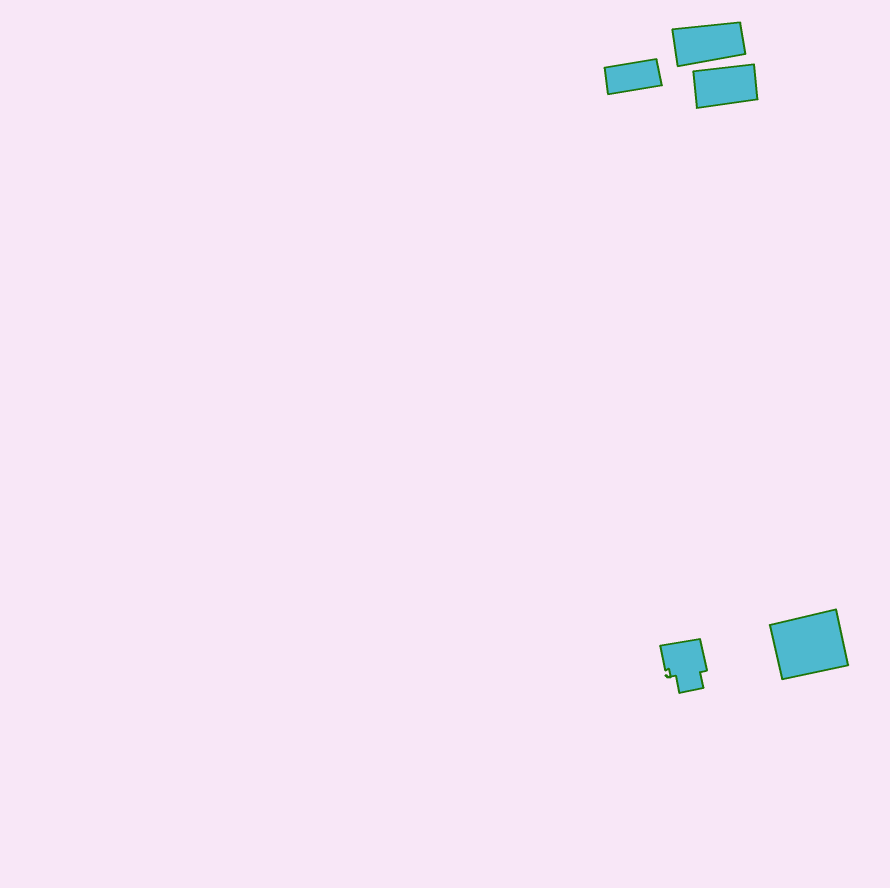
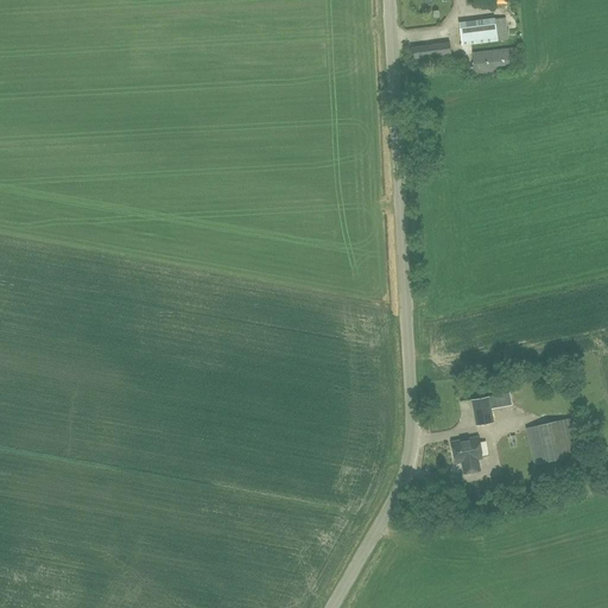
building: none -> [470,391,512,425]

